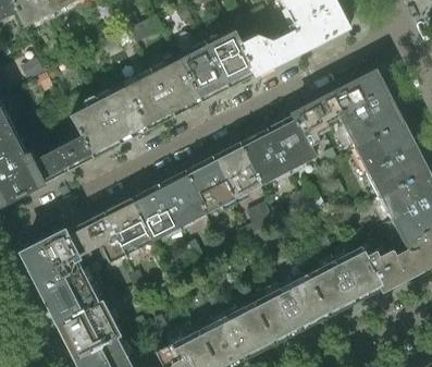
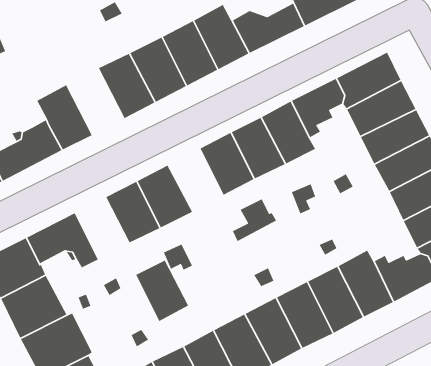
building: [97,87,147,146] -> none
building: [185,157,233,212] -> none
building: [104,199,151,254] -> [135,259,189,322]

